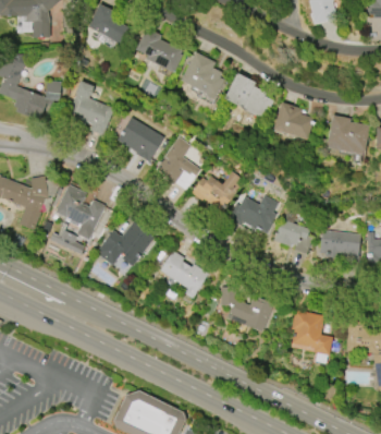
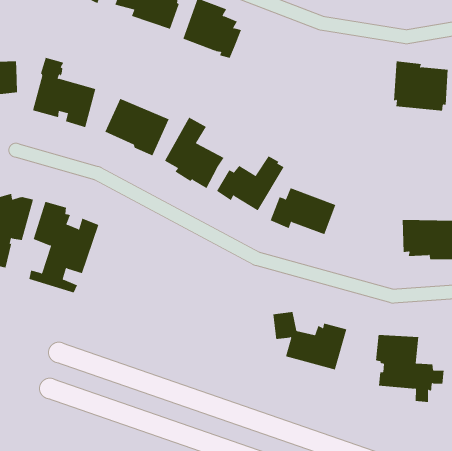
building: [223,72,273,119] -> none
building: [273,103,314,138] -> none
building: [273,209,311,253] -> none
building: [96,220,155,274] -> none
building: [159,250,207,298] -> none

